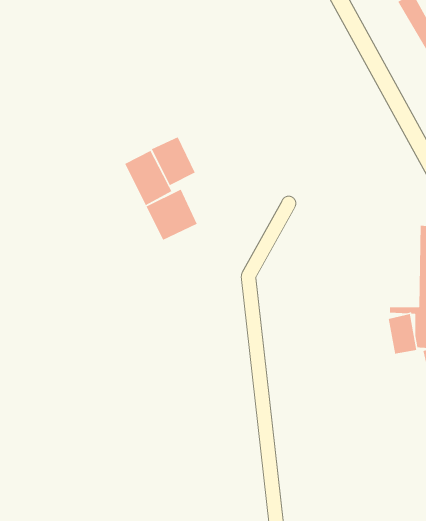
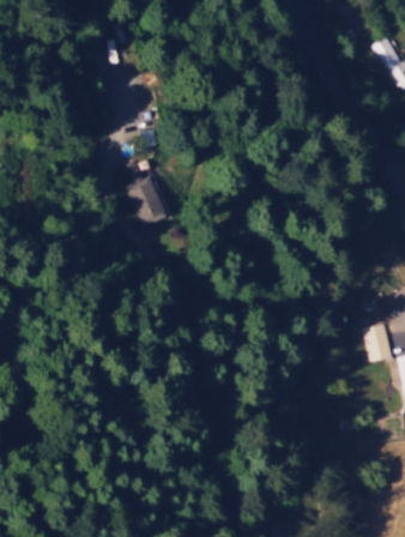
building: [151,136,196,186] -> none
building: [145,188,198,241] -> none

